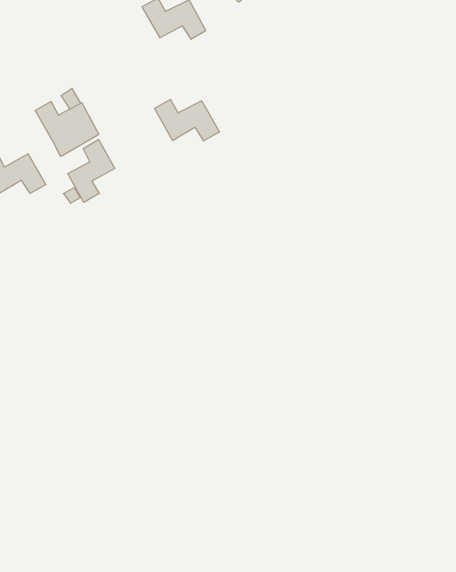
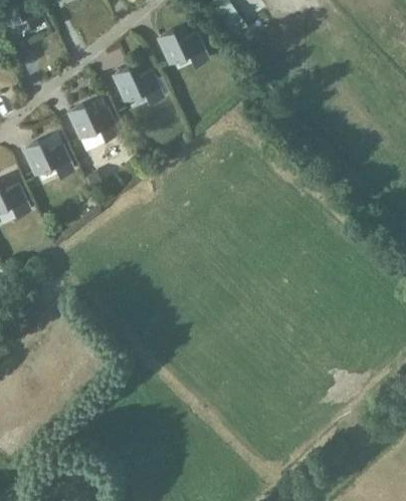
building: [155,99,220,141] -> [114,69,163,103]
building: [68,140,115,202] -> none

